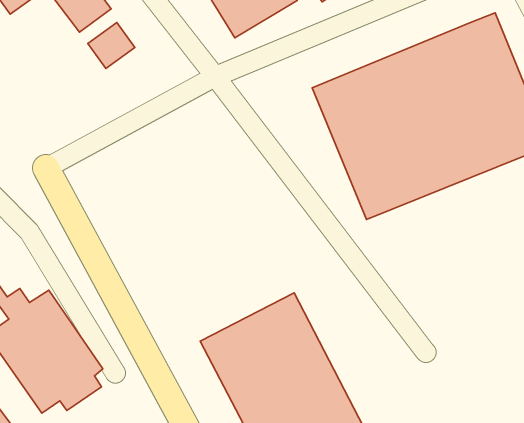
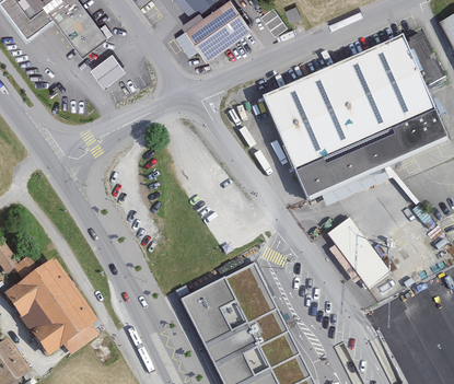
building: none -> [326,216,393,288]

